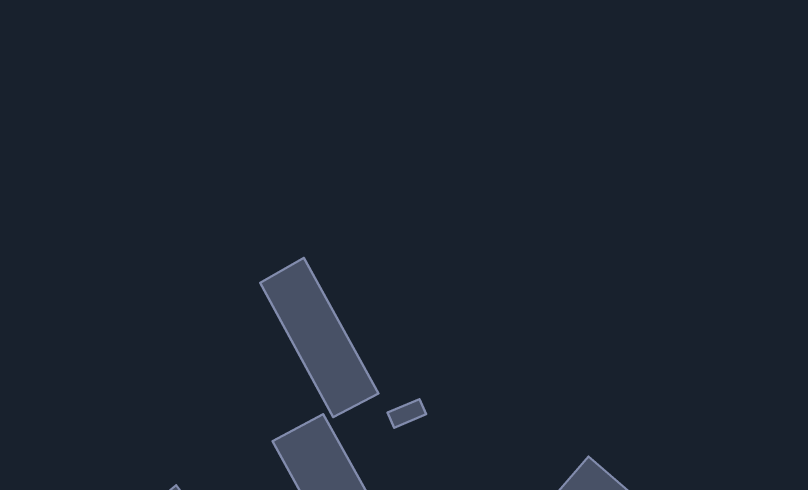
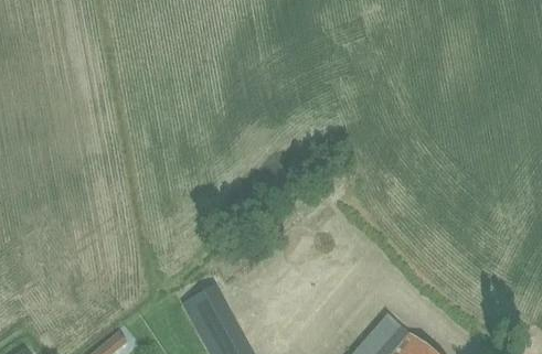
building: [260,258,378,417] -> none

